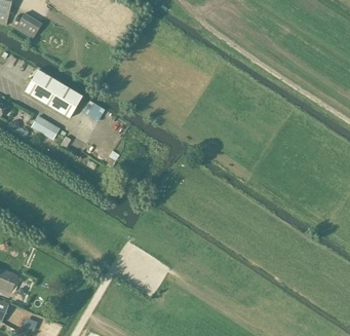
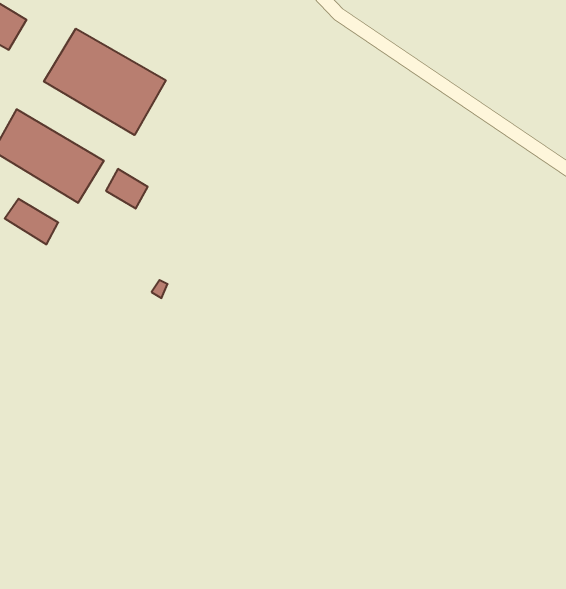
building: none -> [44,29,166,135]

